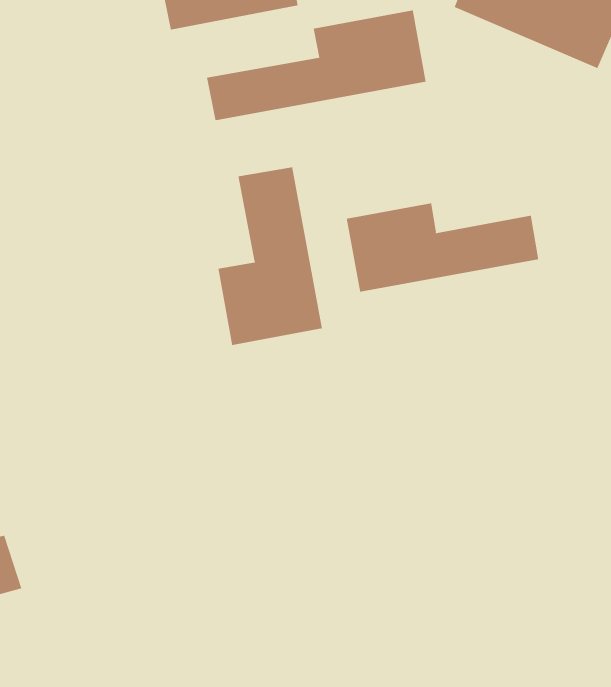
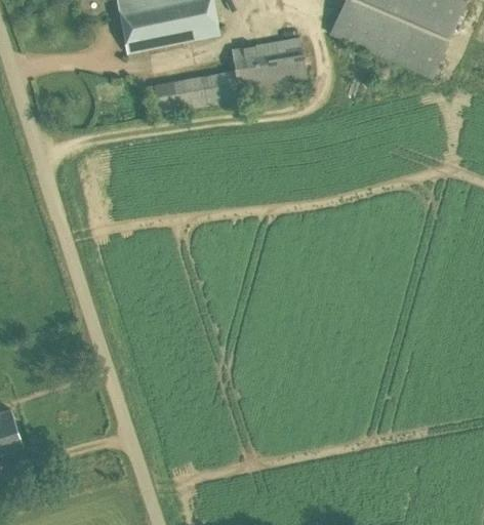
building: [218,166,322,346] -> none
building: [346,203,539,293] -> none

